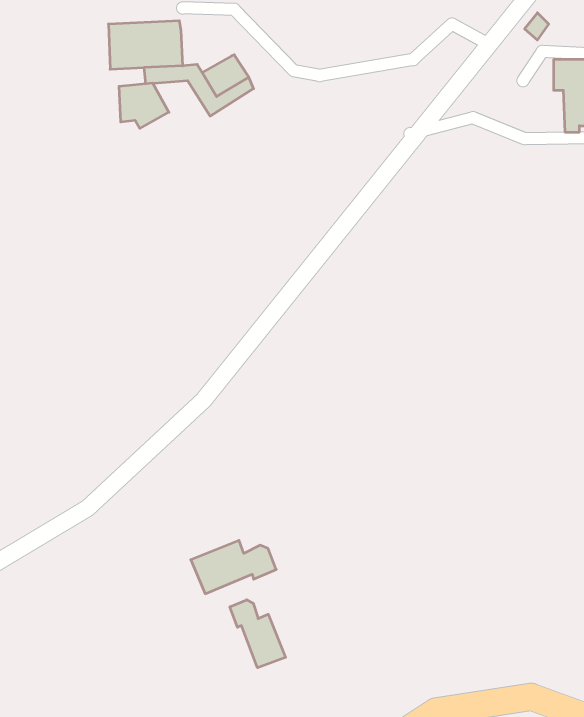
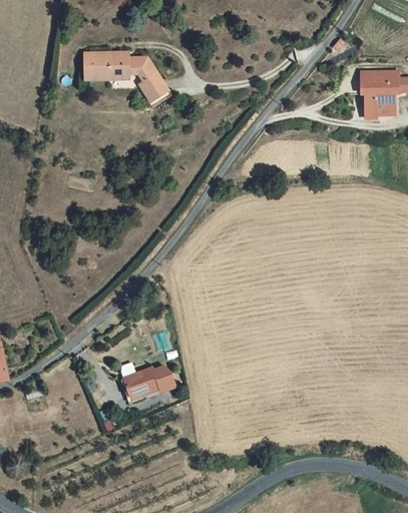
building: [119,83,169,128] -> [120,48,151,76]
building: [230,600,286,668] -> none

